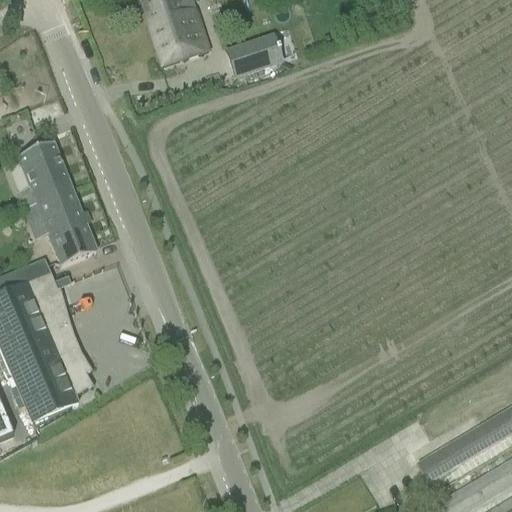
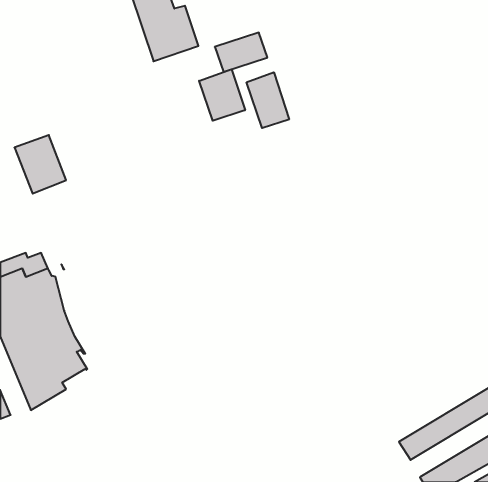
building: none -> [199,69,245,121]
building: none -> [247,72,289,128]
building: [23,188,96,264] -> none

